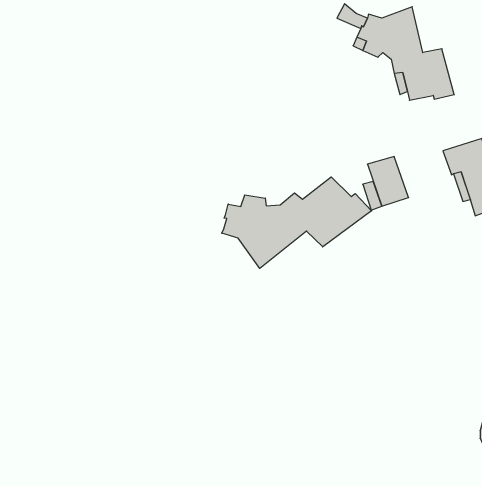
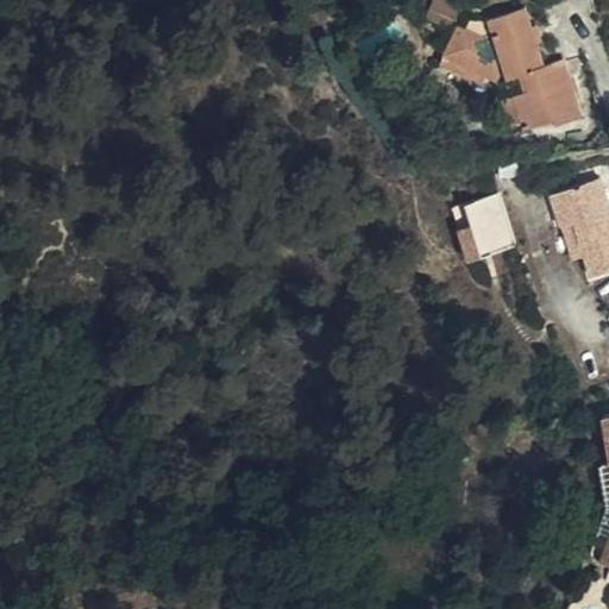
building: [222,177,372,268] -> none

